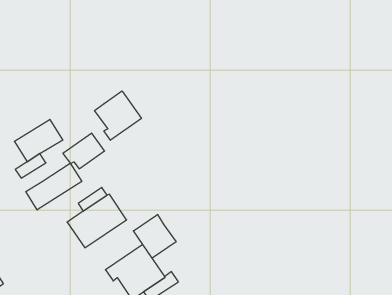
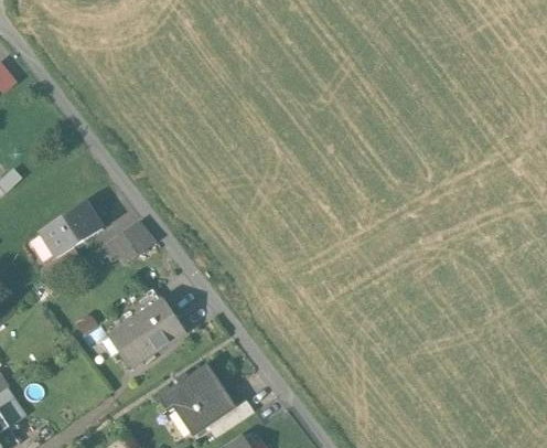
building: [95,91,141,140] -> none
building: [26,163,82,210] -> none
building: [133,214,176,258] -> none

